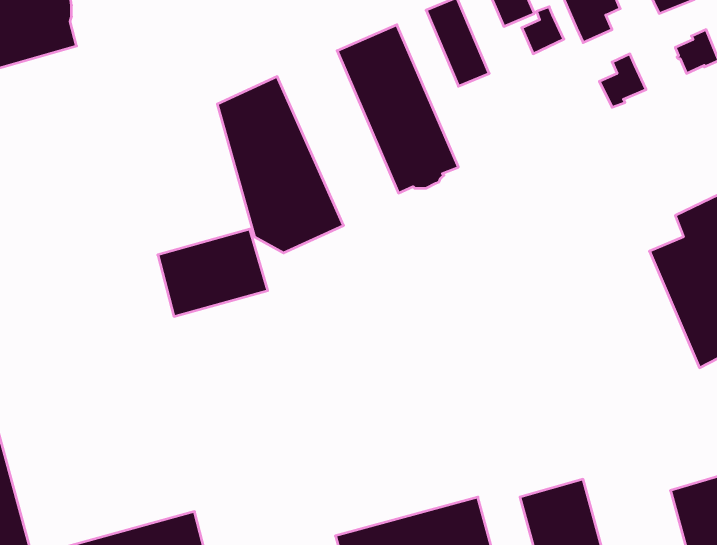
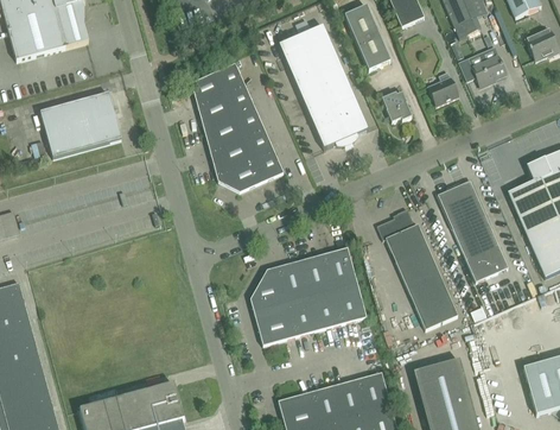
building: [522,7,564,54] -> [427,70,458,105]
building: none -> [381,90,412,121]
building: [158,229,268,316] -> [40,91,121,156]
building: none -> [438,179,508,280]
building: none -> [376,207,458,328]
building: none -> [250,246,367,344]

